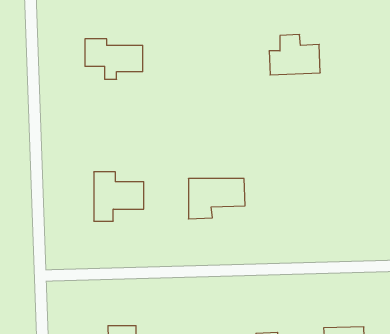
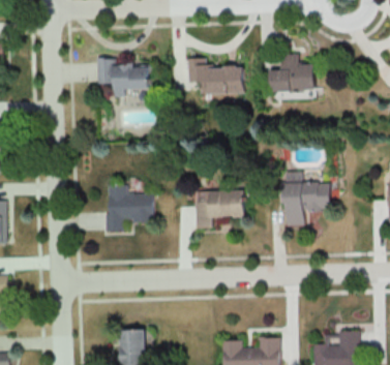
building: none -> [186,59,246,95]
building: none -> [286,182,332,225]

